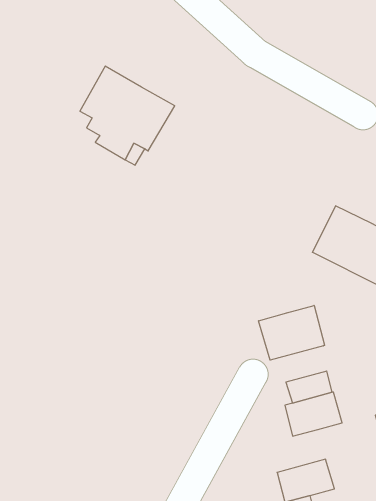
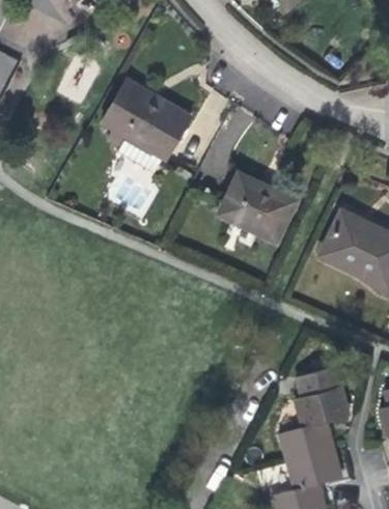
building: none -> [219,176,296,241]
building: [259,305,325,360] -> none
building: none -> [279,421,333,461]

